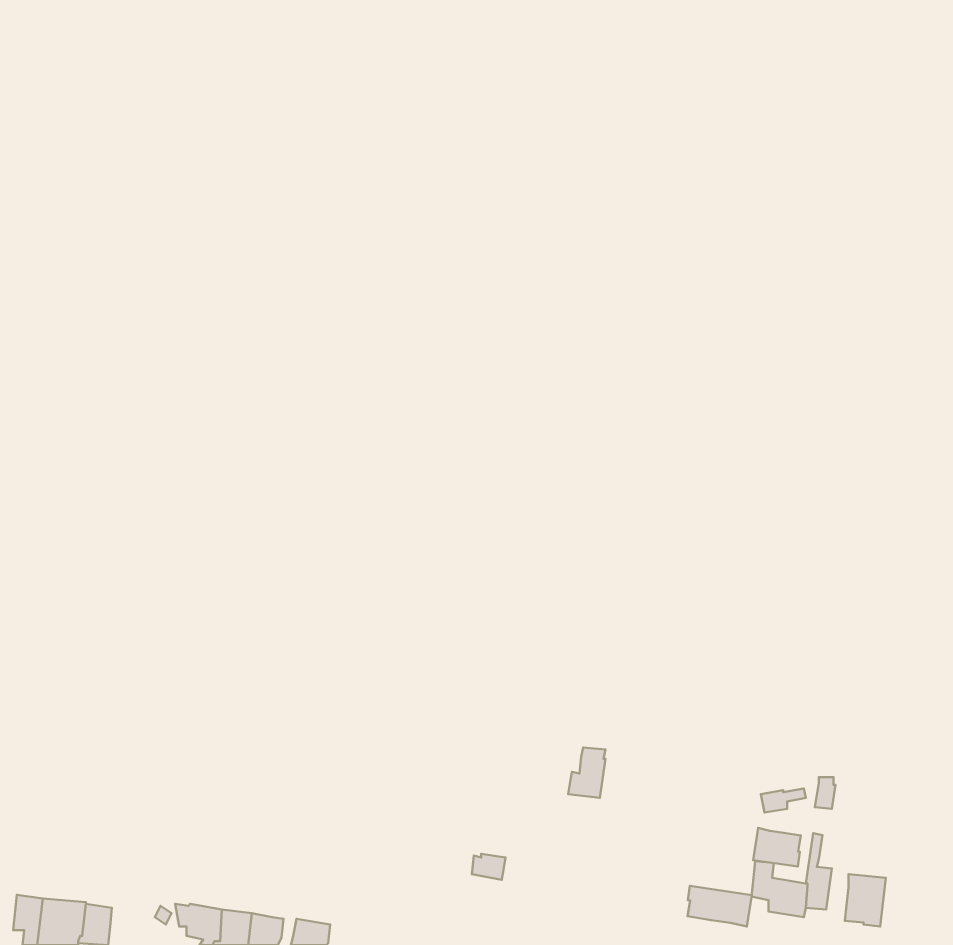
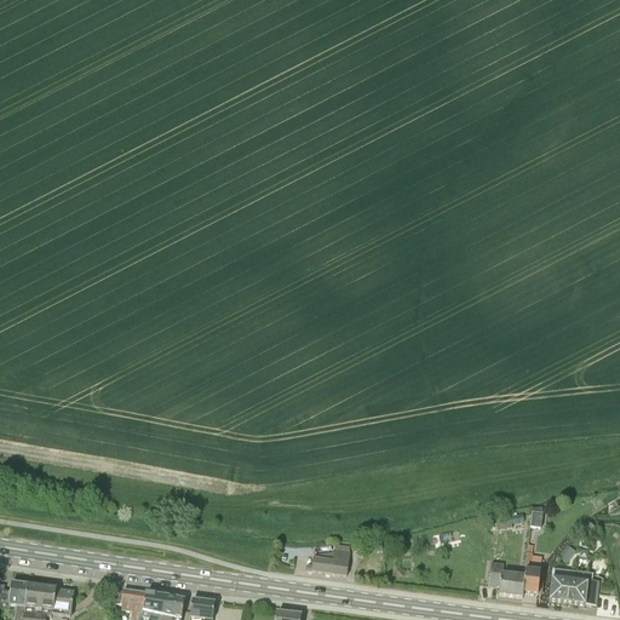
building: [568,748,605,798] -> [326,541,350,574]
building: [753,828,801,866] -> none
building: none -> [572,570,597,603]
building: [688,886,752,926] -> none

